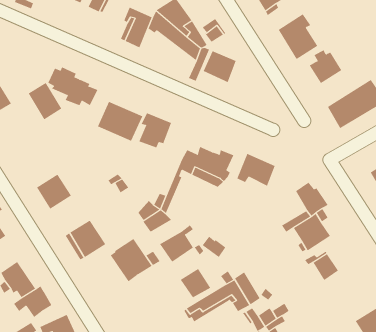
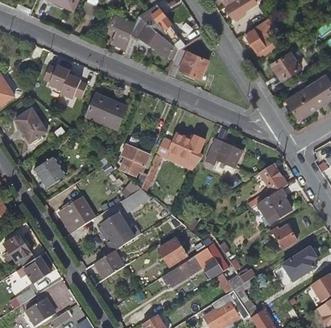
building: [28,82,62,120] -> [15,109,45,142]
building: [139,113,172,148] -> [120,145,149,176]
building: [159,224,194,262] -> [95,245,125,278]
building: none -> [280,248,315,281]

